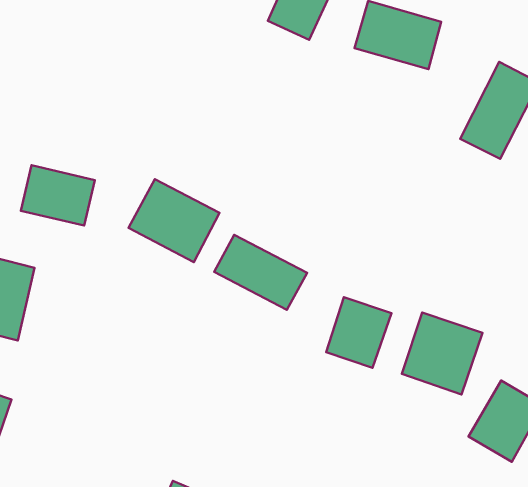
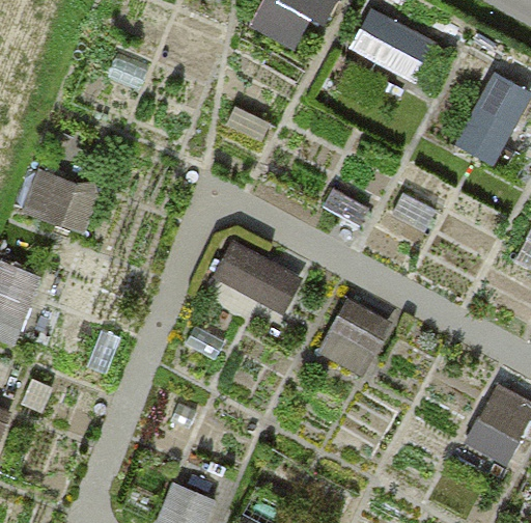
building: [128,179,220,262] -> none
building: [402,313,483,395] -> none

